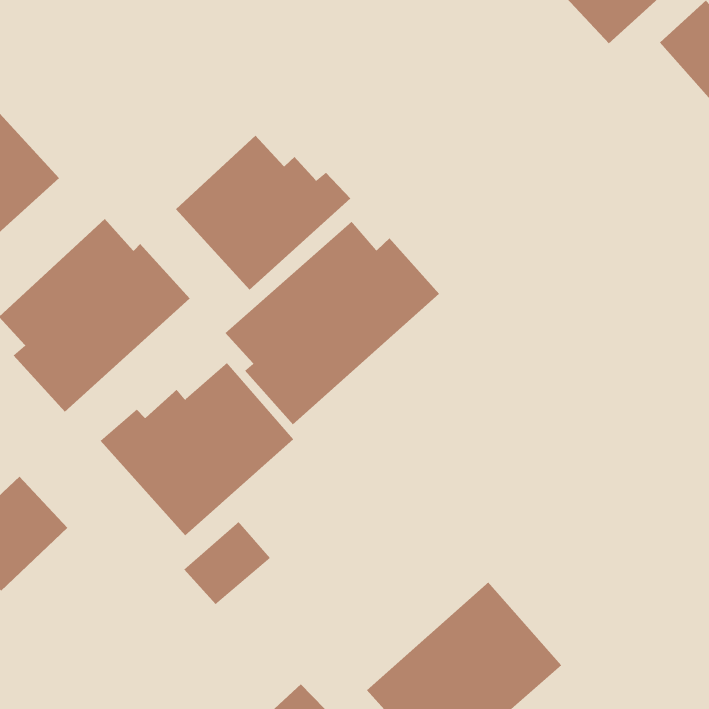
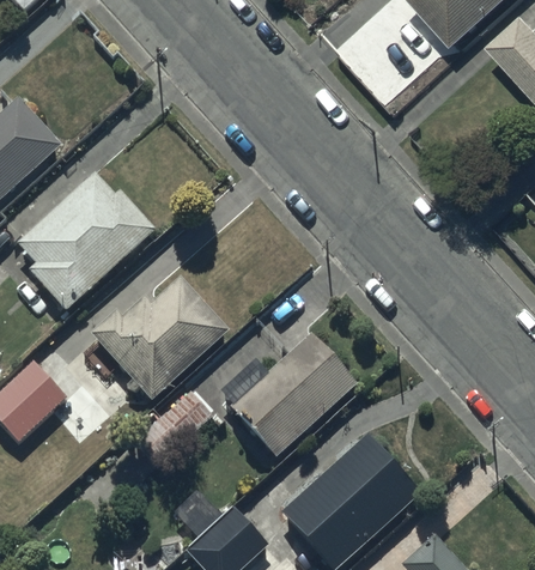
building: [175,135,351,291] -> none
building: [224,221,440,425] -> none
building: none -> [230,333,355,457]

